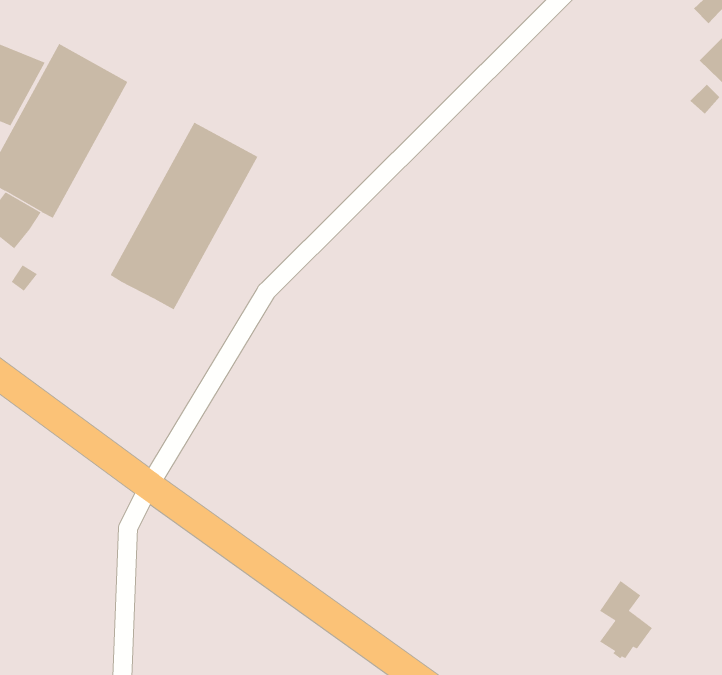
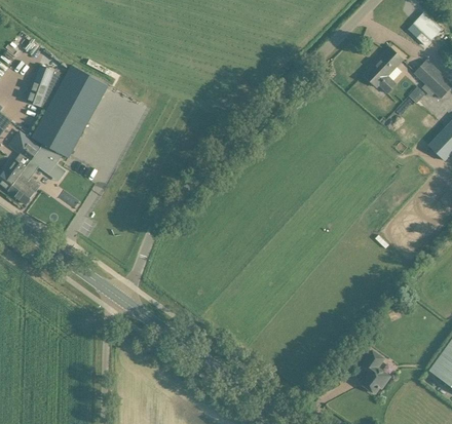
building: none -> [364,46,404,93]
building: [110,122,258,310] -> none

